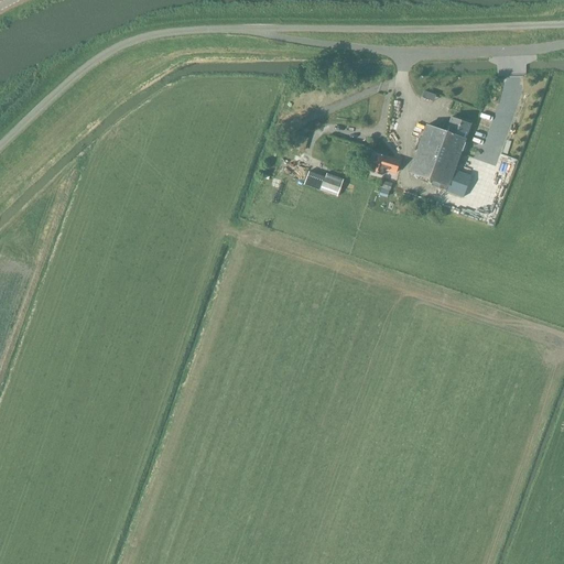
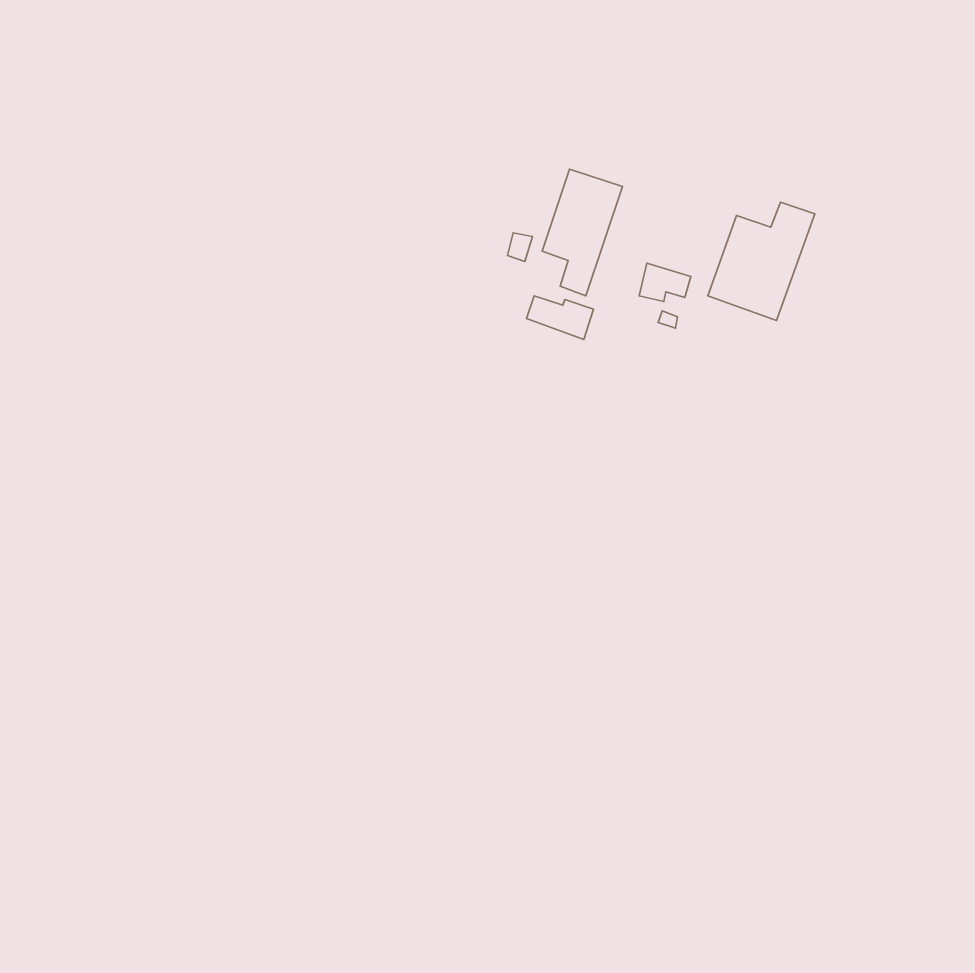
building: none -> [542,169,622,296]

